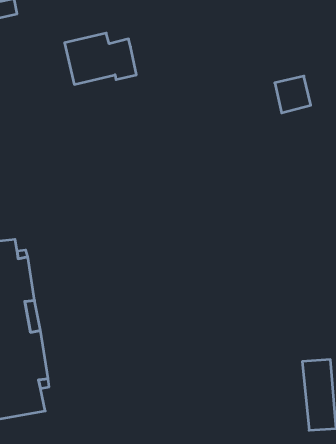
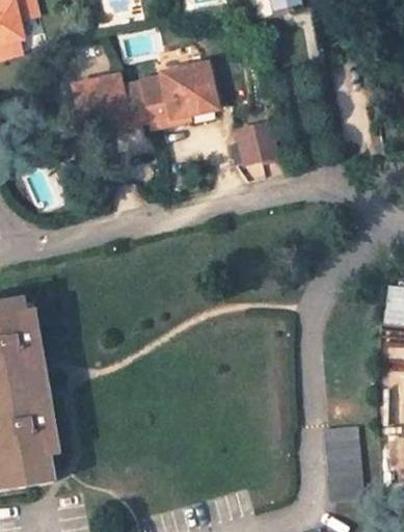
building: none -> [144,62,217,127]
building: [275,76,311,113] -> [238,123,276,162]

